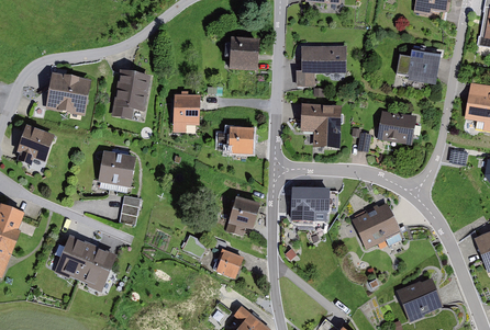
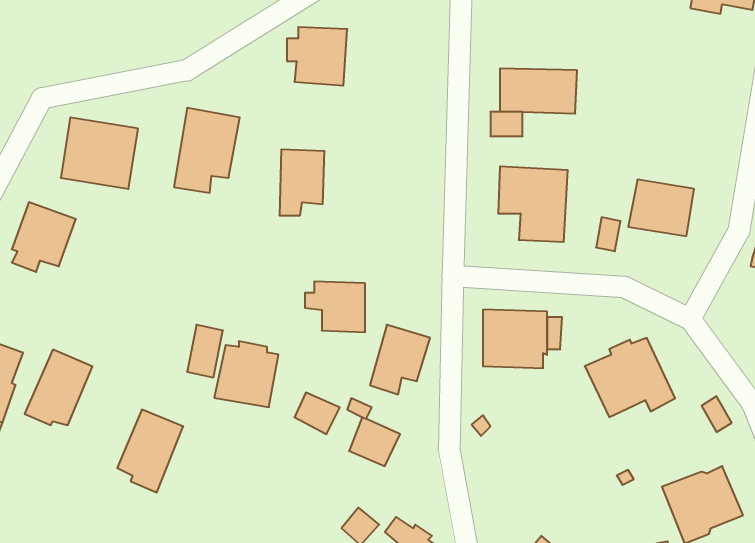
building: [224,36,259,70] -> [287,27,347,86]
building: [396,48,439,83] -> none
building: [218,126,253,156] -> [305,281,365,332]
building: [97,148,134,186] -> [214,341,278,407]
building: [53,235,92,278] -> [25,350,92,425]

